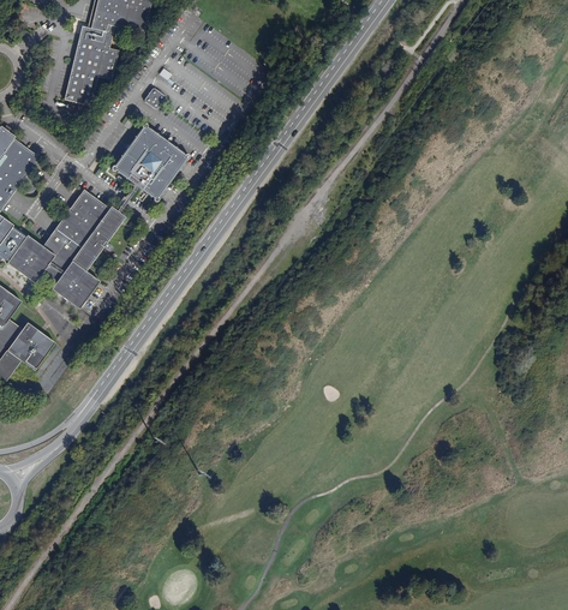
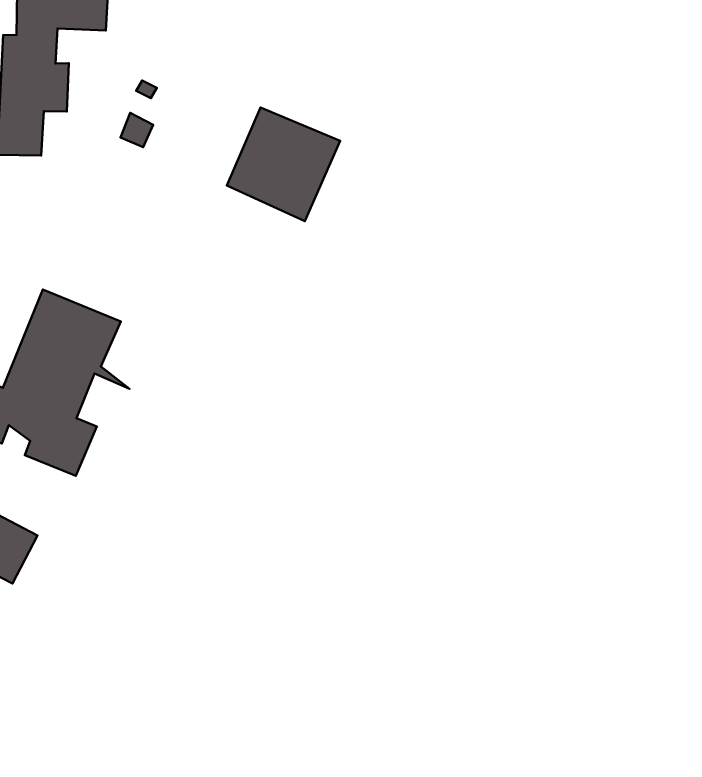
building: [113,124,189,199] -> [227,108,340,221]

